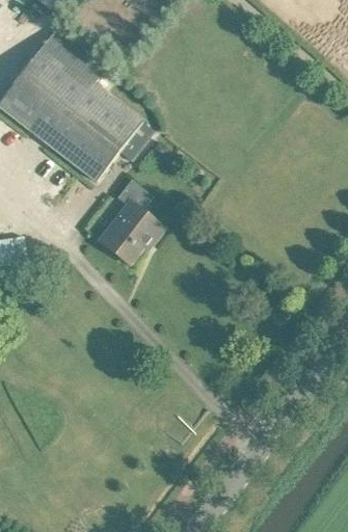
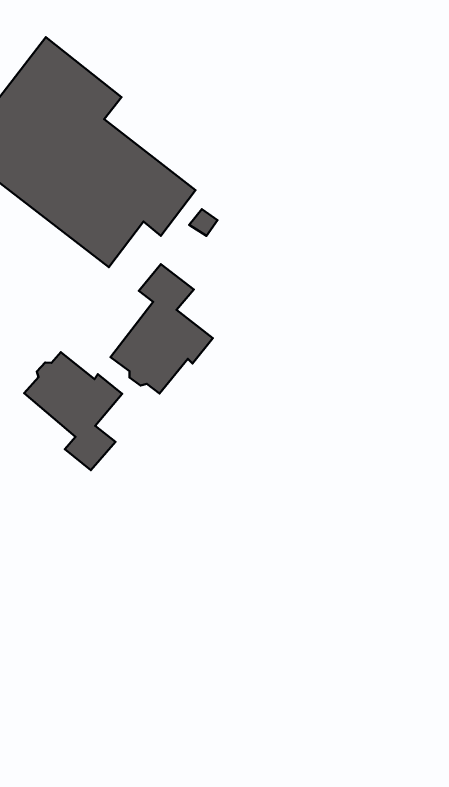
building: none -> [24,352,122,470]

